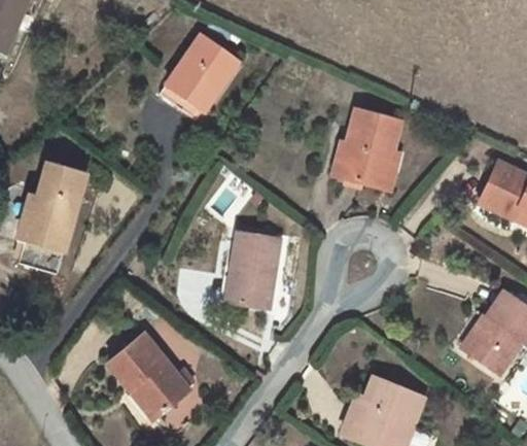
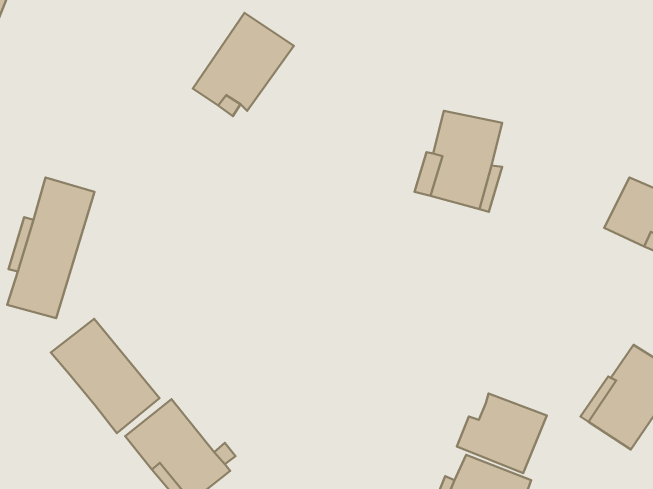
building: [226,232,281,307] -> none
building: none -> [51,319,160,433]
building: none -> [457,394,547,473]

